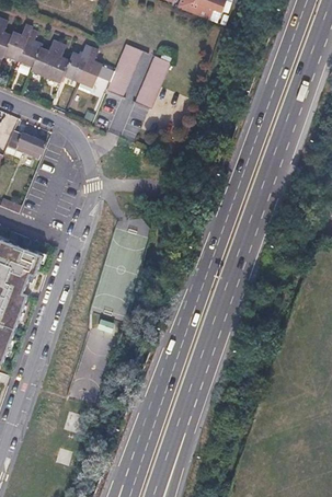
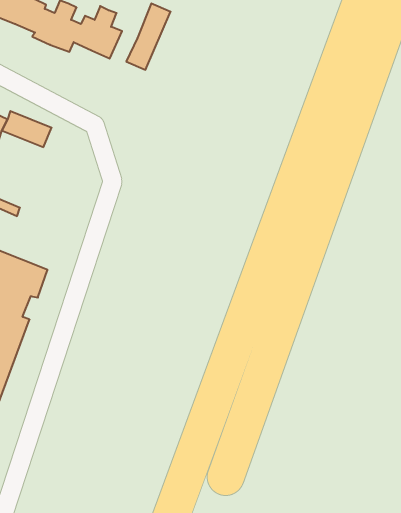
building: [135,48,174,108] -> none

